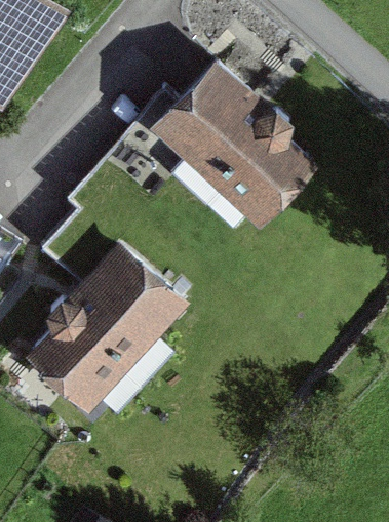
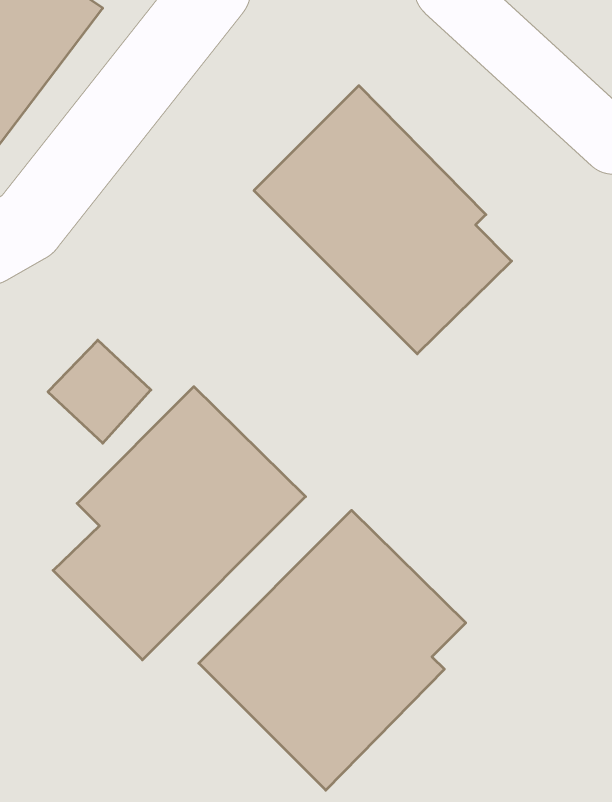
building: none -> [199,510,466,790]

